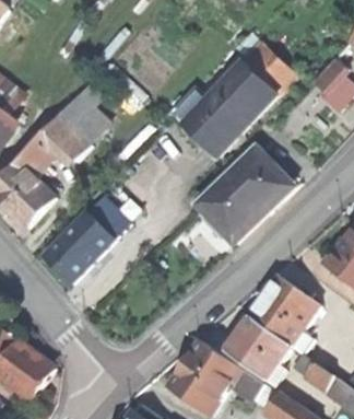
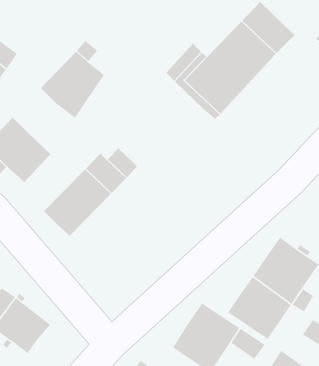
building: [13,130,57,175] -> none
building: [198,146,295,238] -> none

